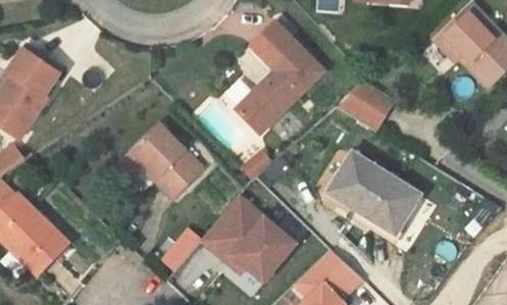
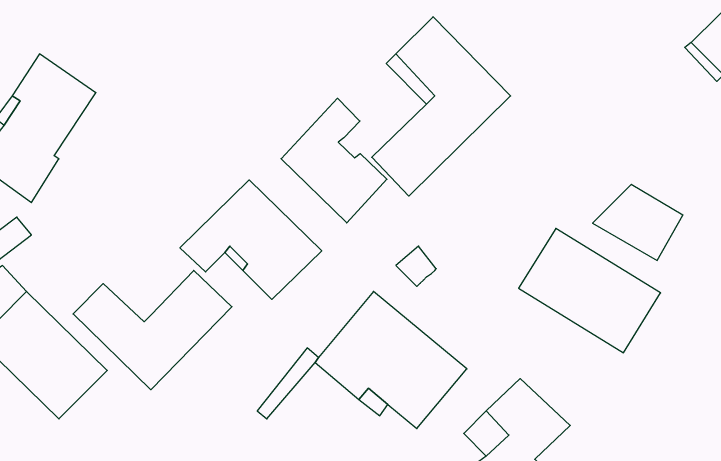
building: none -> [281,98,387,223]
building: [336,81,393,129] -> [593,184,683,260]
building: none -> [73,270,232,390]

